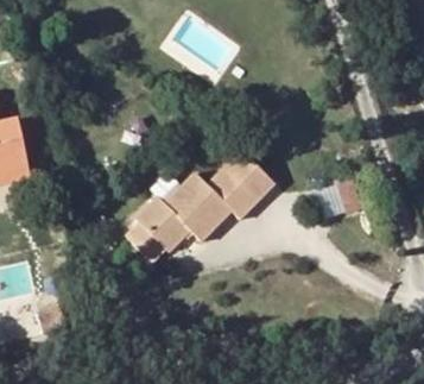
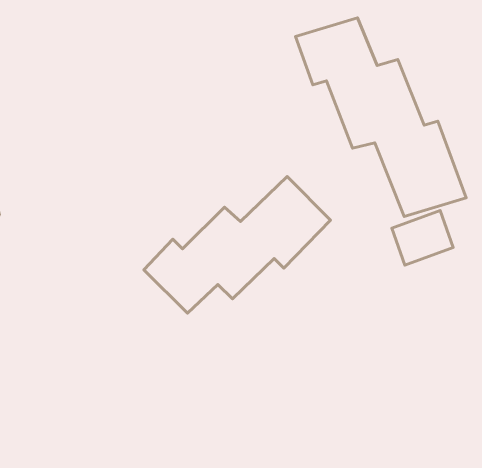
building: none -> [296,18,466,217]

